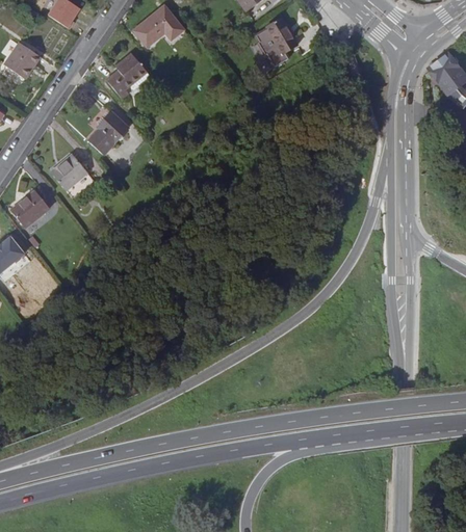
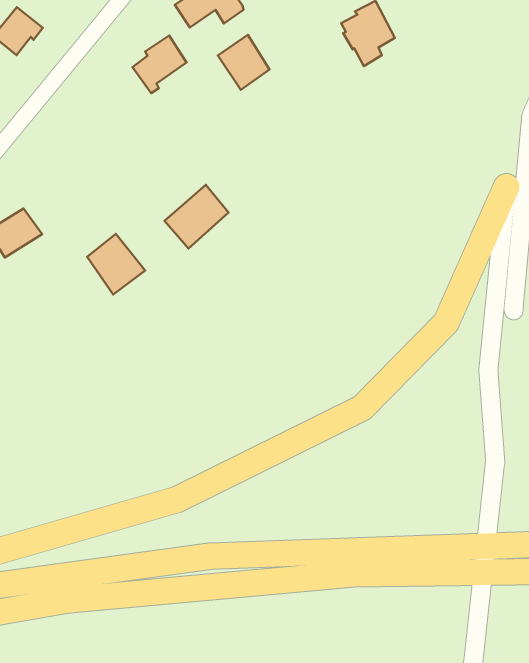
building: none -> [218,35,270,90]
building: [82,107,129,155] -> [164,185,229,248]
building: [52,155,96,200] -> [87,234,145,294]

